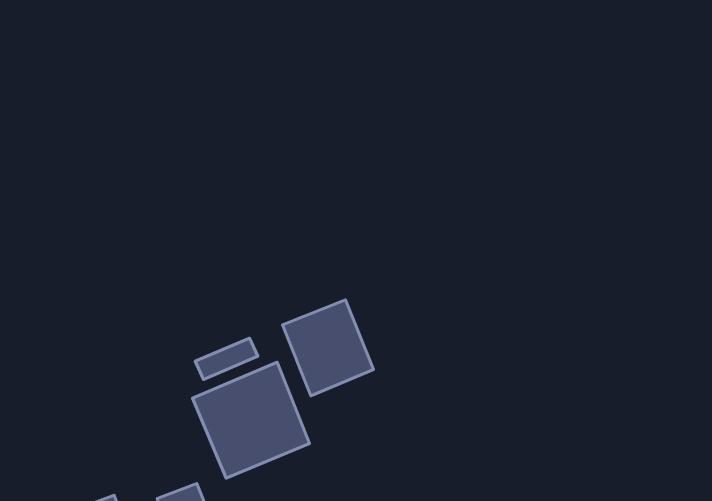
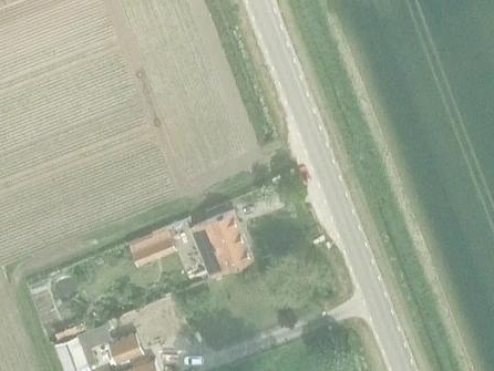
building: [192,362,310,478] -> none

